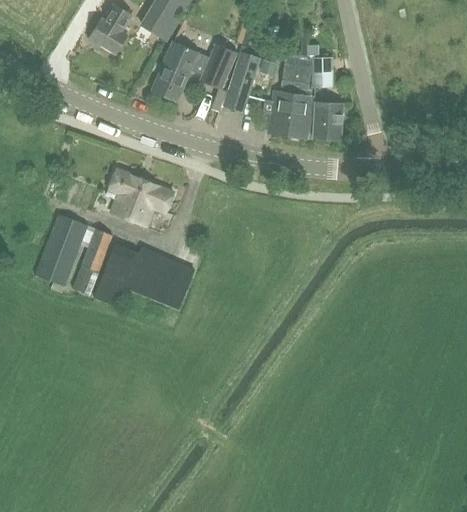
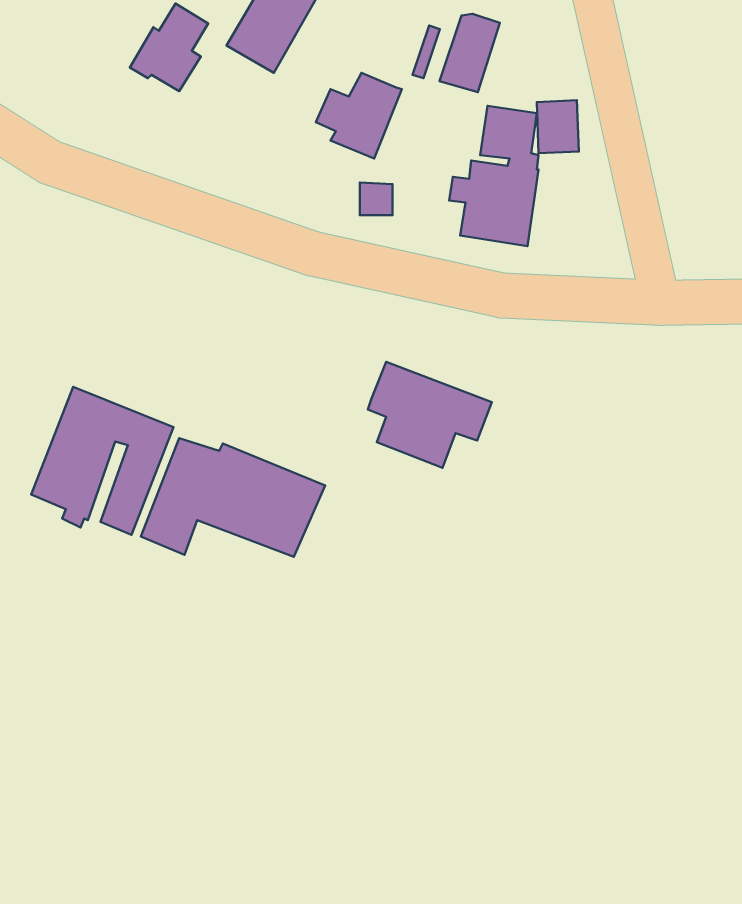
building: [151,40,198,99] -> none
building: [227,51,260,94] -> [440,14,500,92]
building: [312,101,342,138] -> none
building: [105,168,173,226] -> [368,362,492,468]

